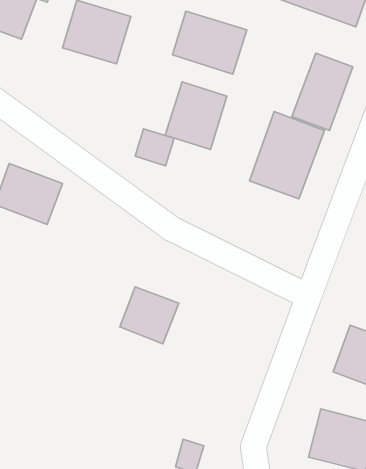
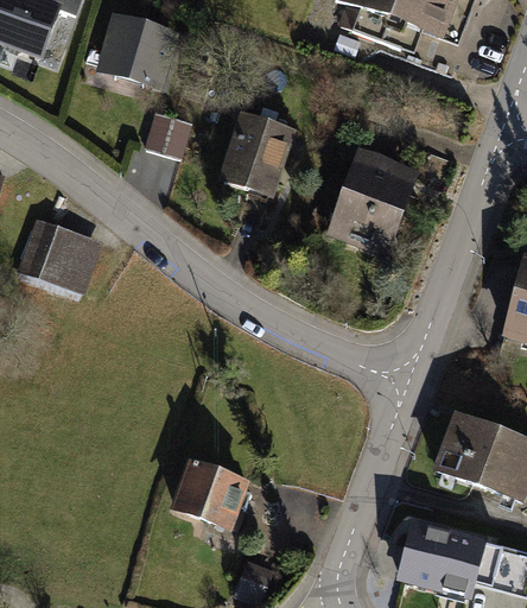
building: [172,11,247,74] -> none
building: [292,53,353,131] -> none
building: [135,129,174,166] -> [141,112,190,158]
building: [120,287,179,344] -> [163,456,236,527]

